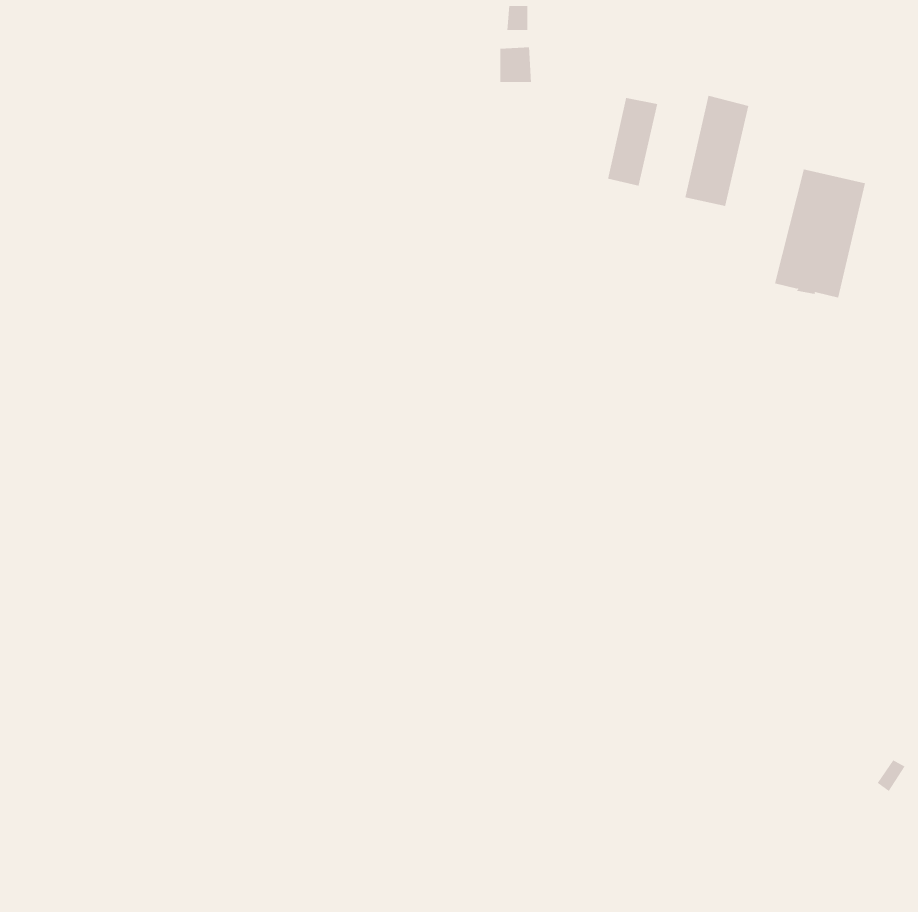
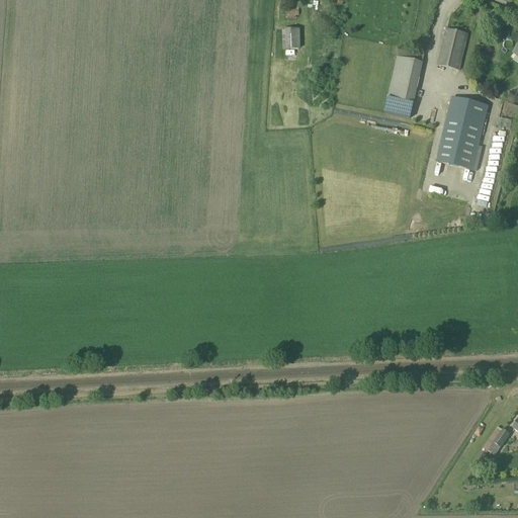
building: none -> [438,26,467,68]
building: [607,97,658,187] -> none

